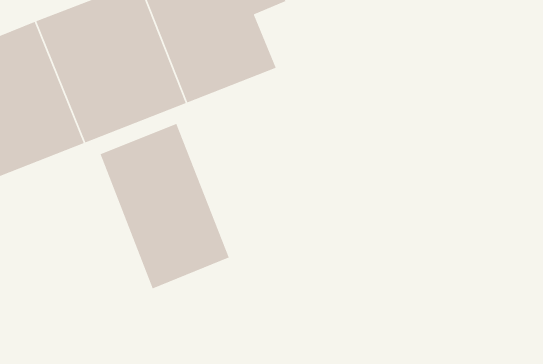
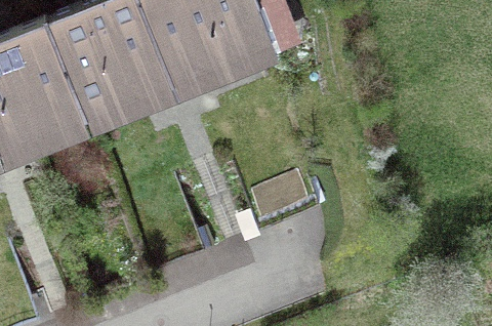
building: [99,123,230,289] -> none

